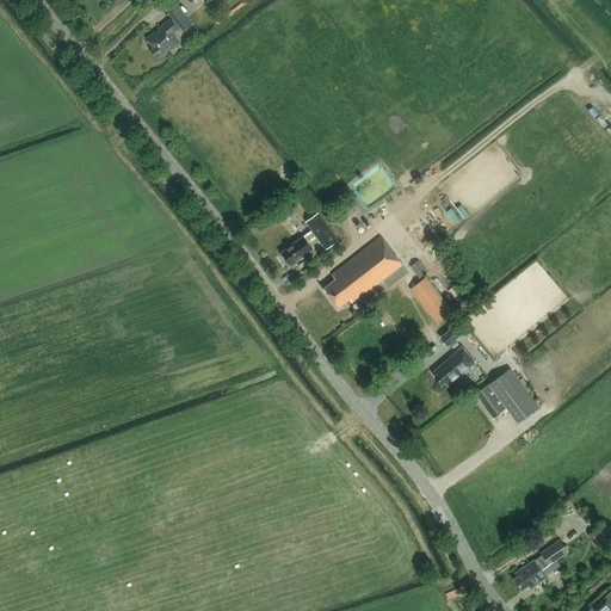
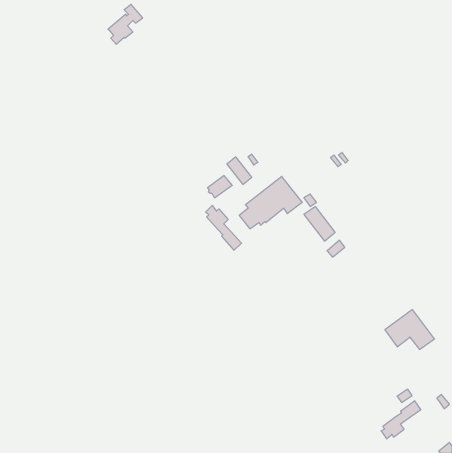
building: none -> [206,205,242,250]
building: [436,348,473,384] -> none
building: [473,369,539,422] -> [385,310,435,349]

